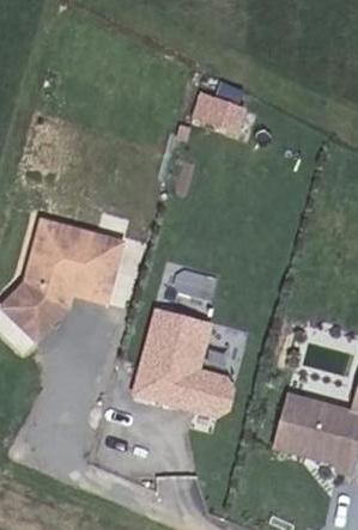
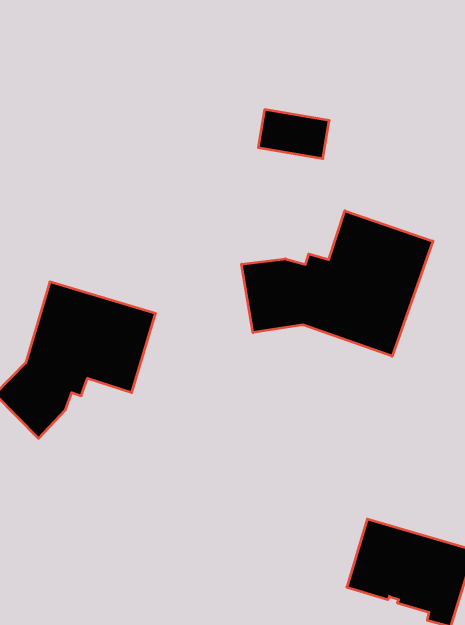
building: none -> [242,211,433,356]
building: [131,310,227,415] -> none

